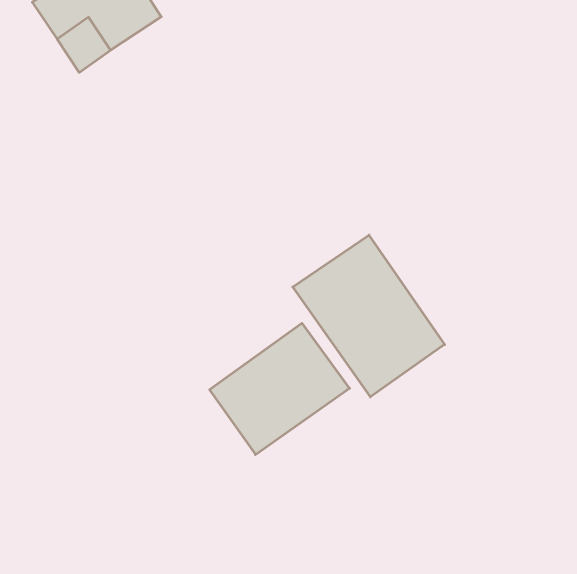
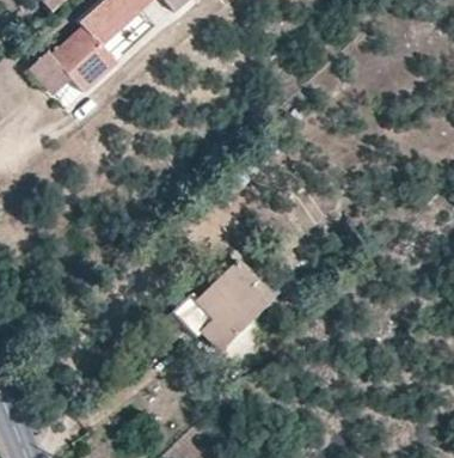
building: [293,235,445,397] -> none

